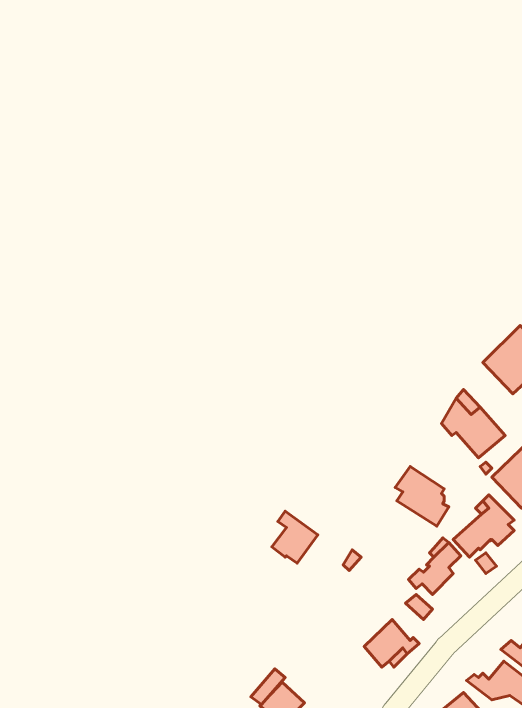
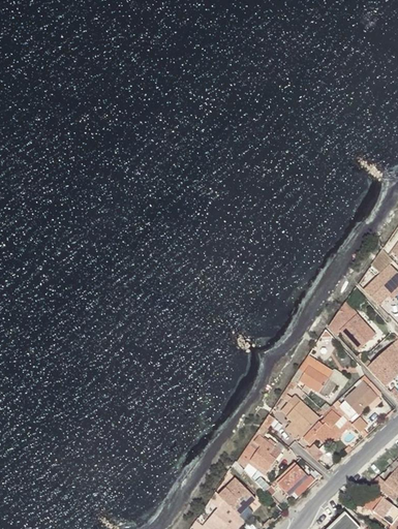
building: [272,511,318,563] -> [250,436,282,472]
building: none -> [283,396,319,439]
building: none -> [219,479,257,517]

